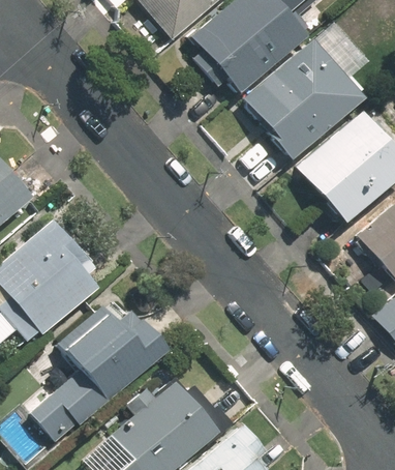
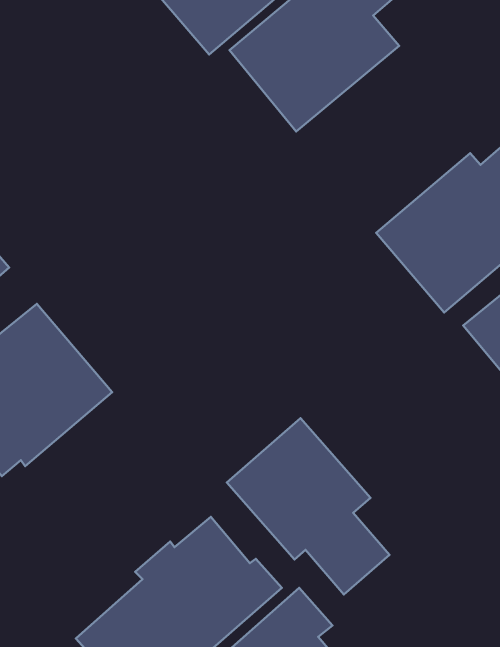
building: [243,22,373,163] -> none
building: none -> [227,418,389,595]
building: [32,307,163,444] -> none

